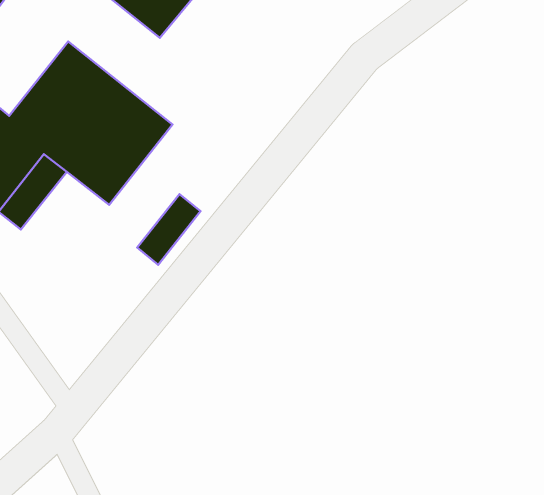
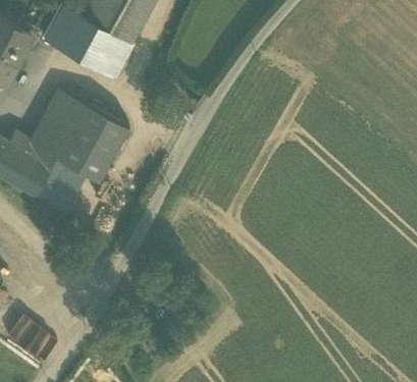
building: [137,194,201,265] -> none

